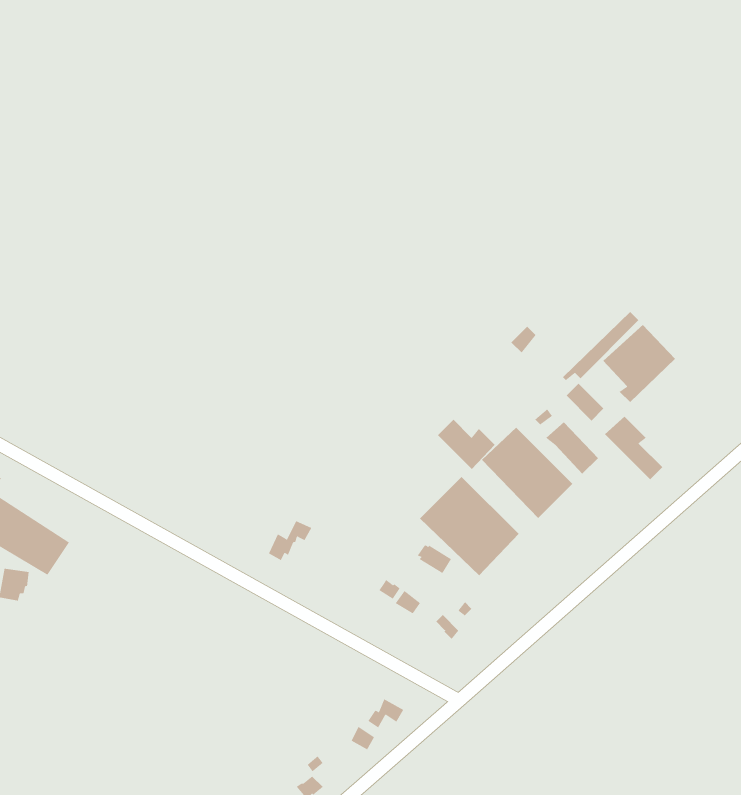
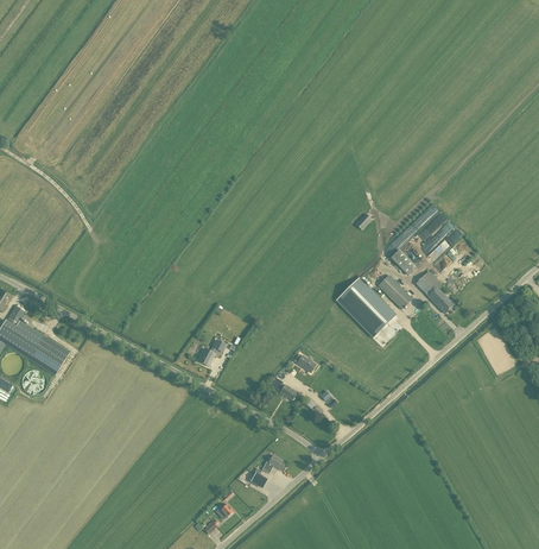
building: [437,419,495,470] -> none
building: [419,476,520,576] -> none

